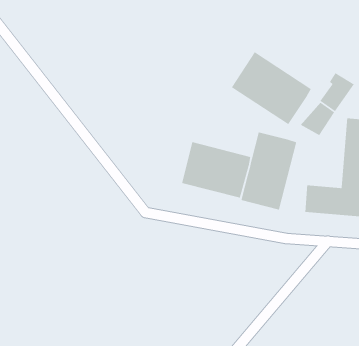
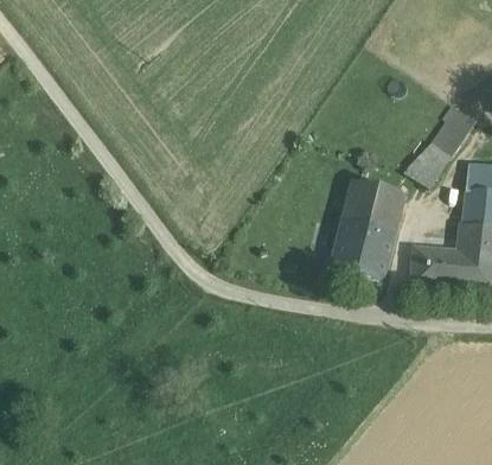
building: [231,51,312,125] -> none
building: [181,141,251,199] -> none

